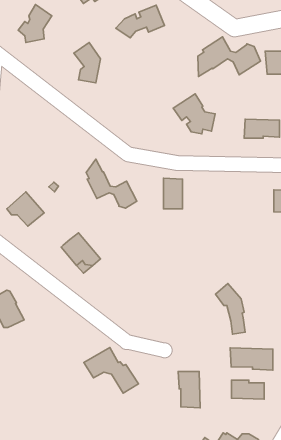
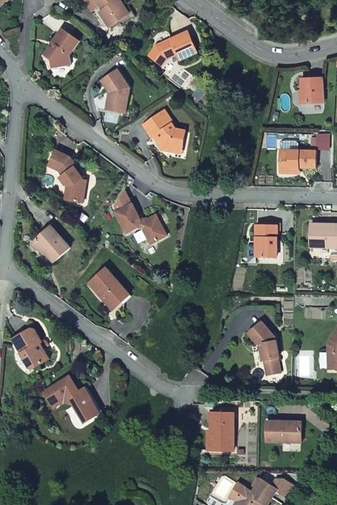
building: [198,37,261,76] -> none
building: [173,94,215,134] -> [142,109,186,151]
building: none -> [48,150,86,203]
building: [164,178,183,209] -> [255,225,275,257]
building: [84,347,138,393] -> [42,375,99,423]
building: [230,348,273,370] -> none

